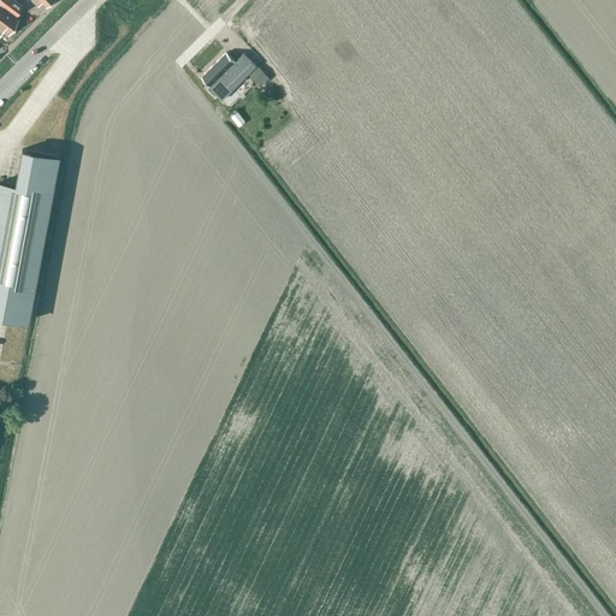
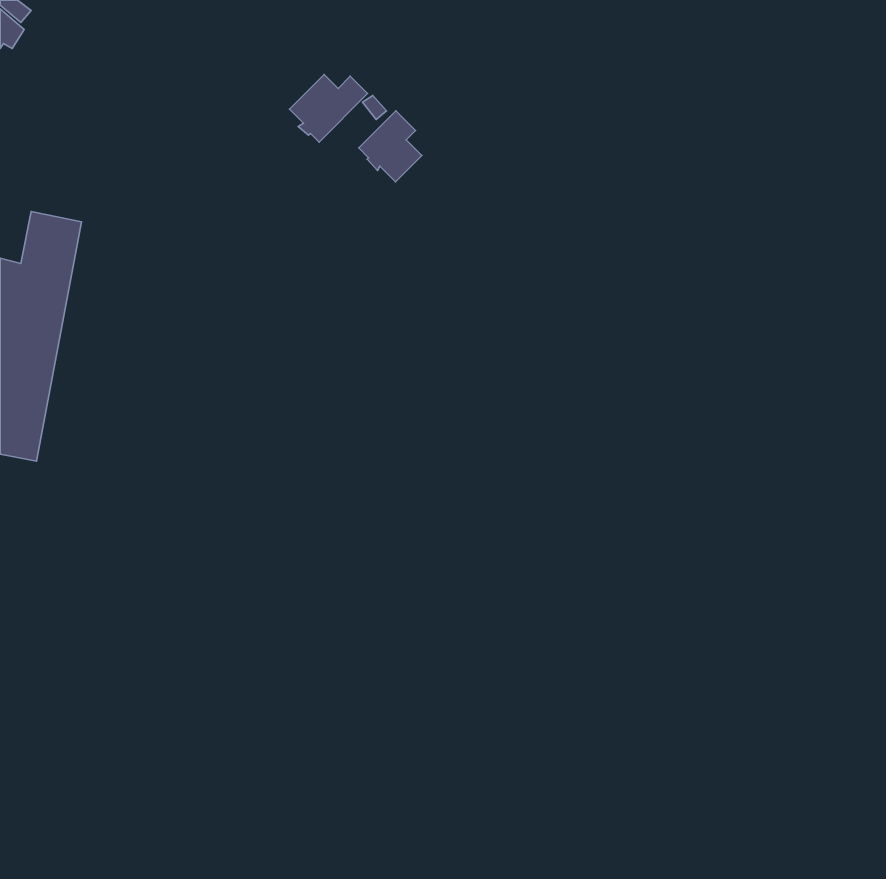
building: none -> [359,111,422,182]

